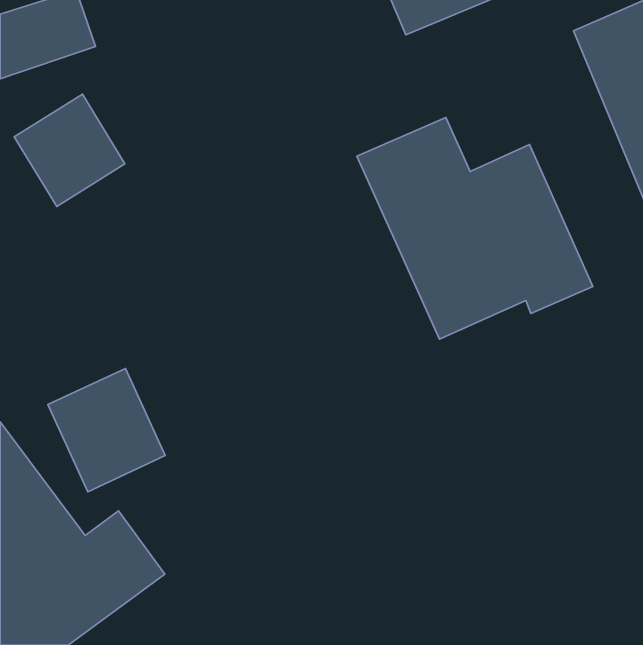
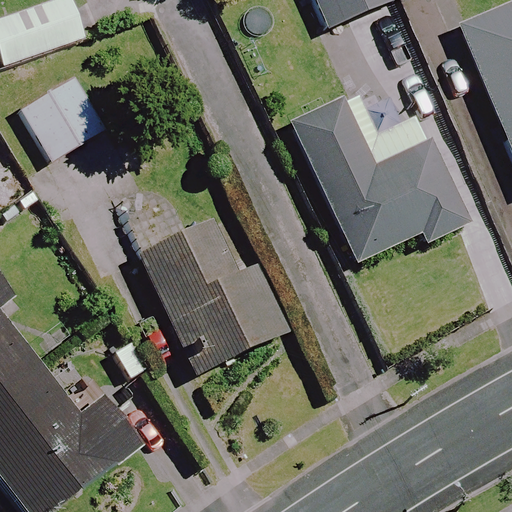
building: none -> [138,214,285,375]
building: [48,368,165,492] -> none

